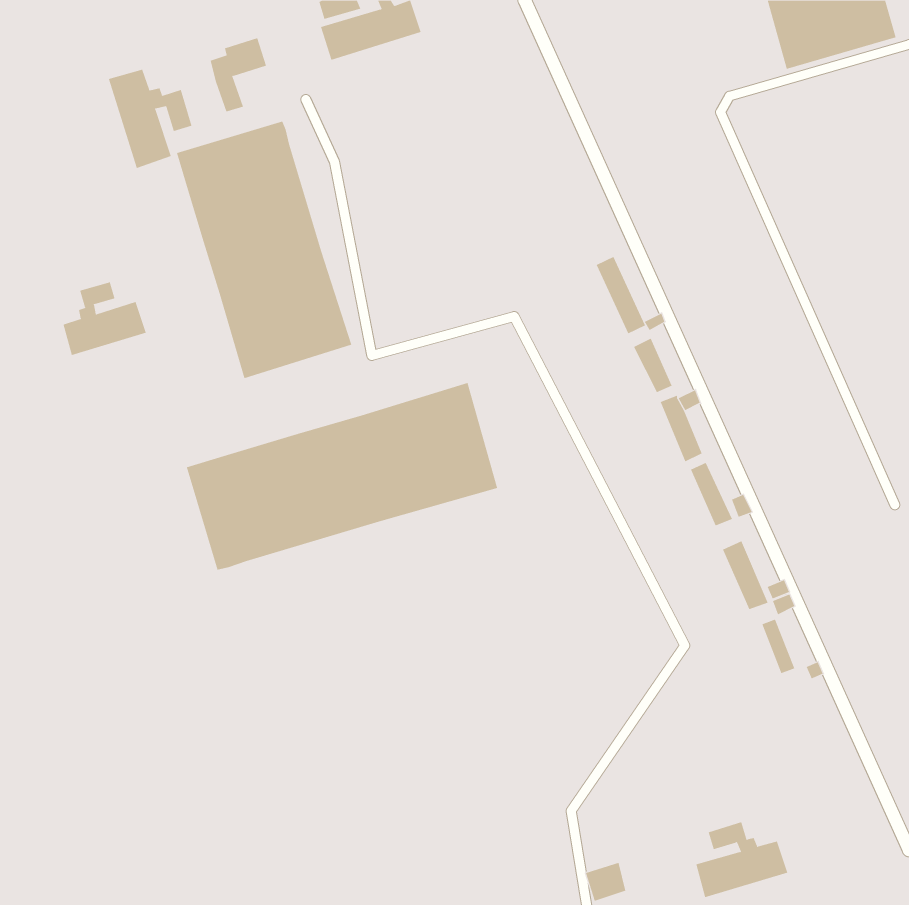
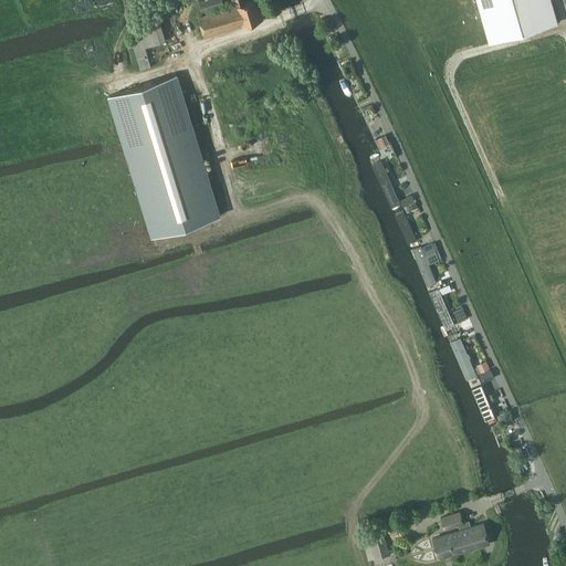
building: [108,69,192,169] -> none
building: [63,282,146,356] -> none
building: [186,382,498,571] -> none

